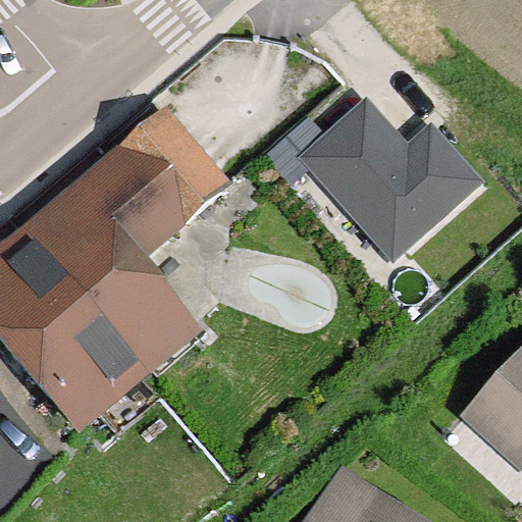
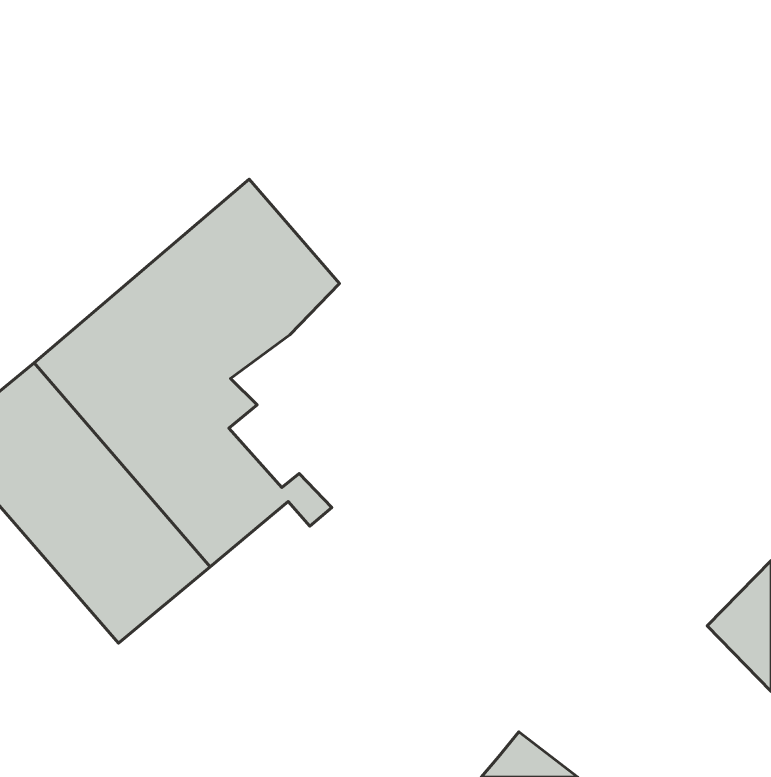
building: [308,104,478,255] -> none

